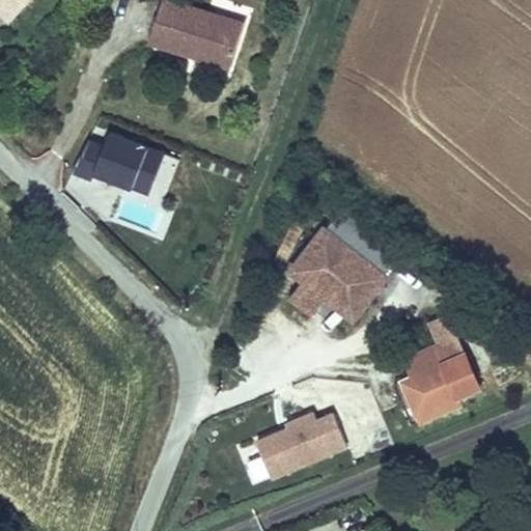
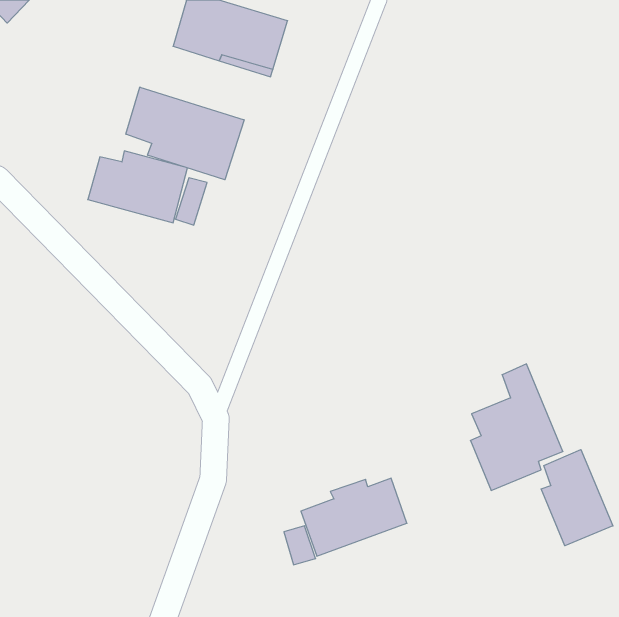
building: none -> [126,87,244,180]
building: [291,234,382,320] -> none
building: none -> [541,450,613,546]

